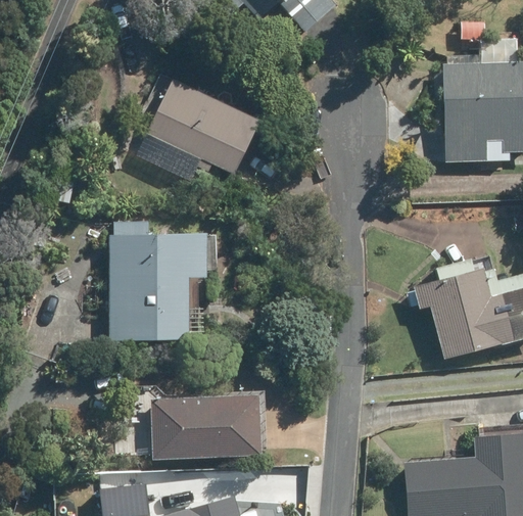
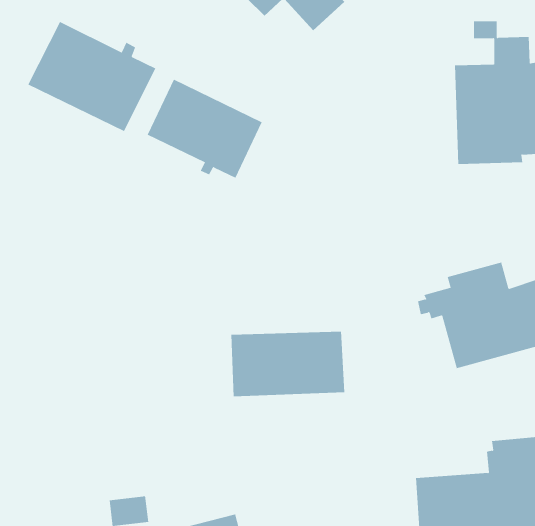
building: none -> [28,21,156,132]
building: [106,225,202,342] -> none
building: [151,397,262,461] -> [231,331,345,397]

